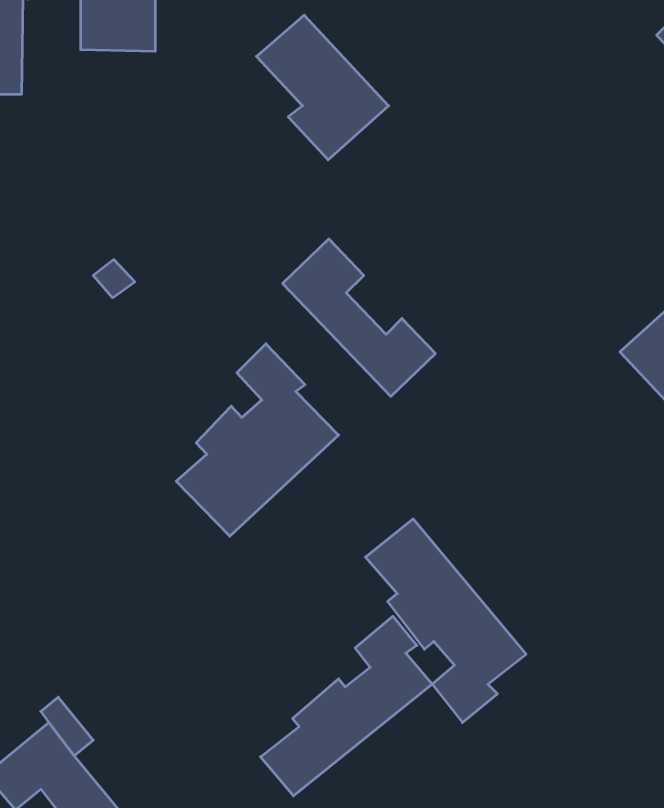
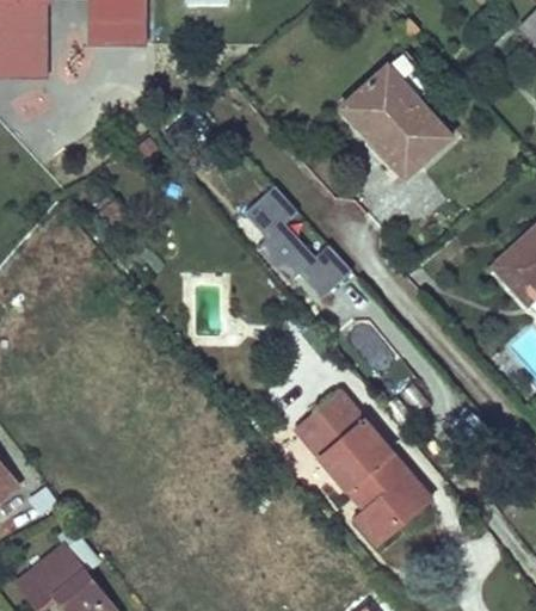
building: [256,15,389,160] -> [352,69,451,178]
building: [176,344,339,536] -> none
building: [260,616,432,796] -> none

